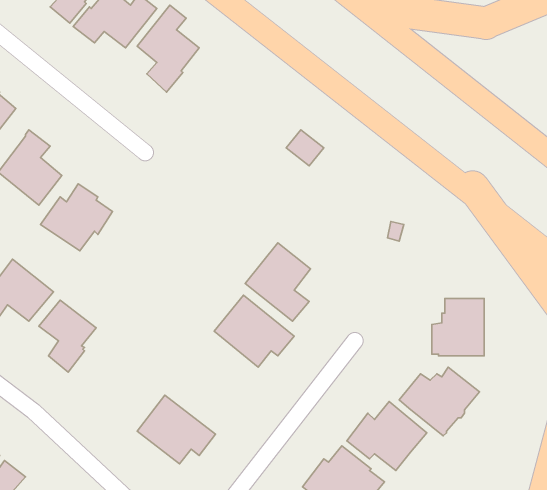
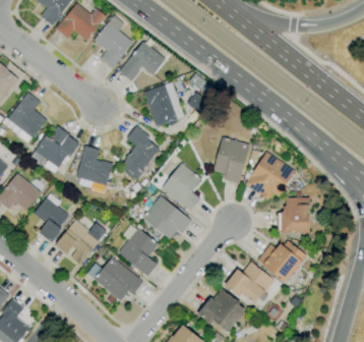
building: none -> [119,42,166,81]
building: none -> [143,84,178,127]
building: none -> [119,126,159,180]
building: none -> [213,136,249,184]
building: none -> [75,146,113,186]
building: none -> [244,152,295,201]
building: none -> [55,220,107,266]
building: none -> [118,228,158,277]

